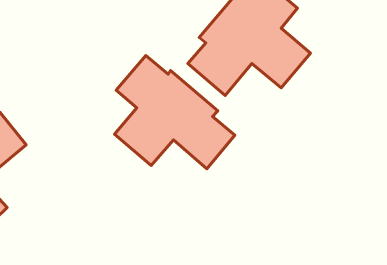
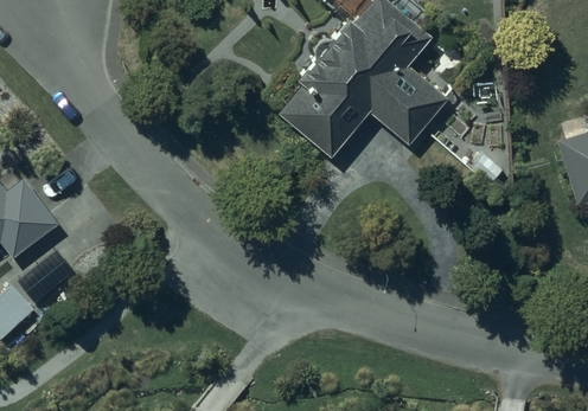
building: [114,55,235,169] -> none

